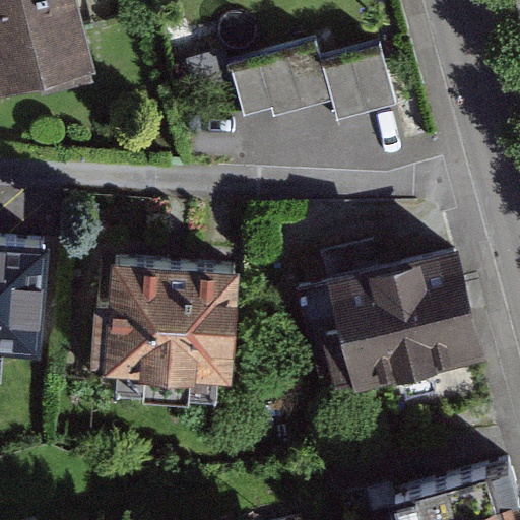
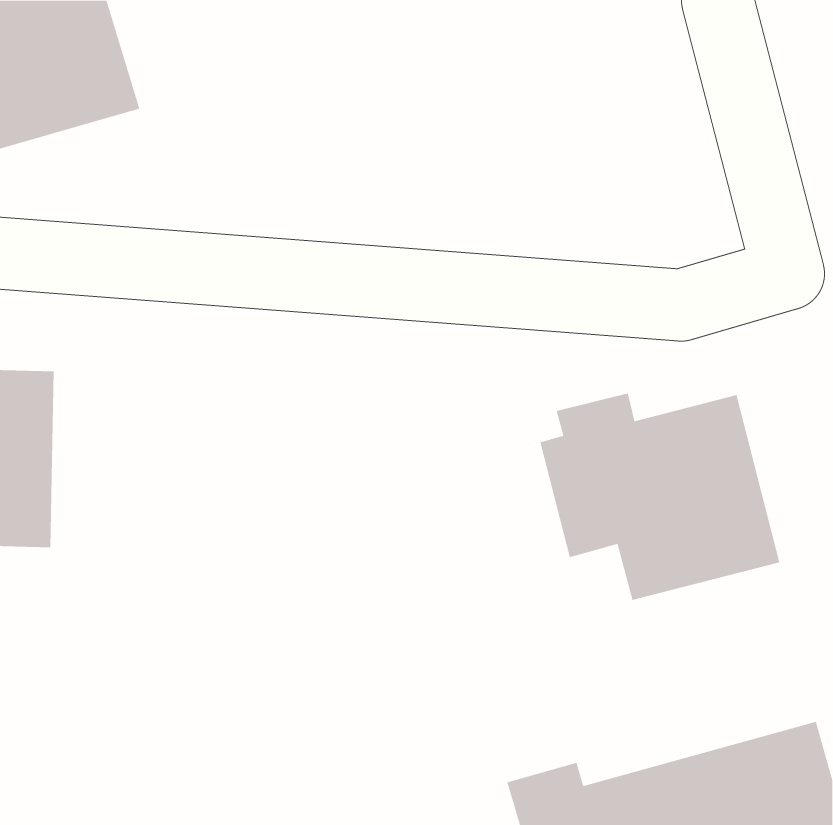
building: [232,50,396,130] -> none
building: [116,268,231,369] -> none

